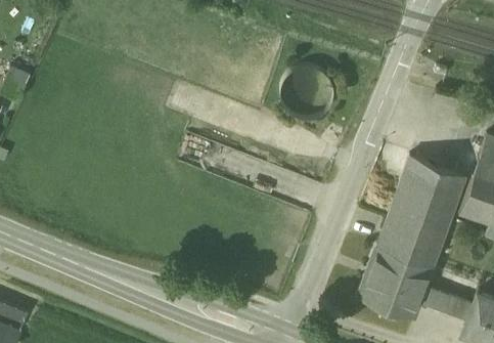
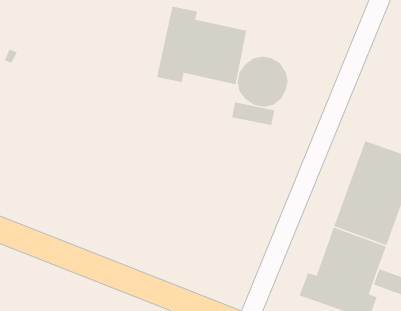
building: none -> [156,6,247,85]
building: none -> [231,102,275,126]

